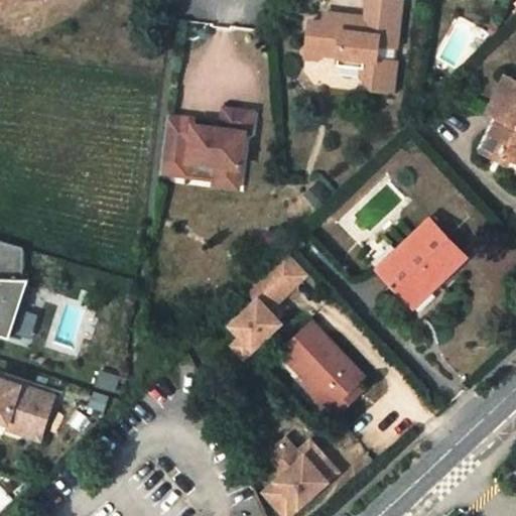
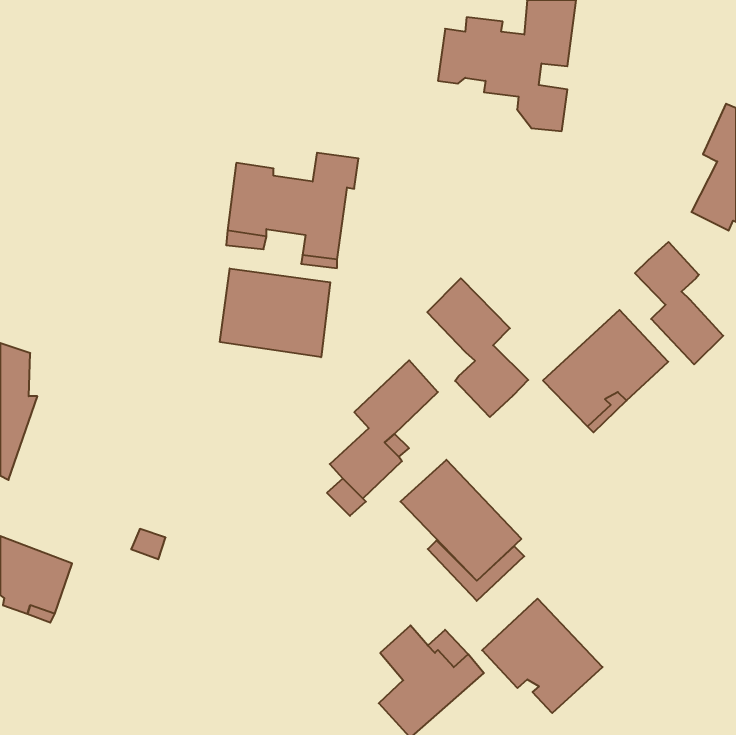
building: none -> [635,242,723,364]
building: none -> [220,268,330,357]
building: none -> [427,278,528,417]
building: none -> [482,599,603,713]

